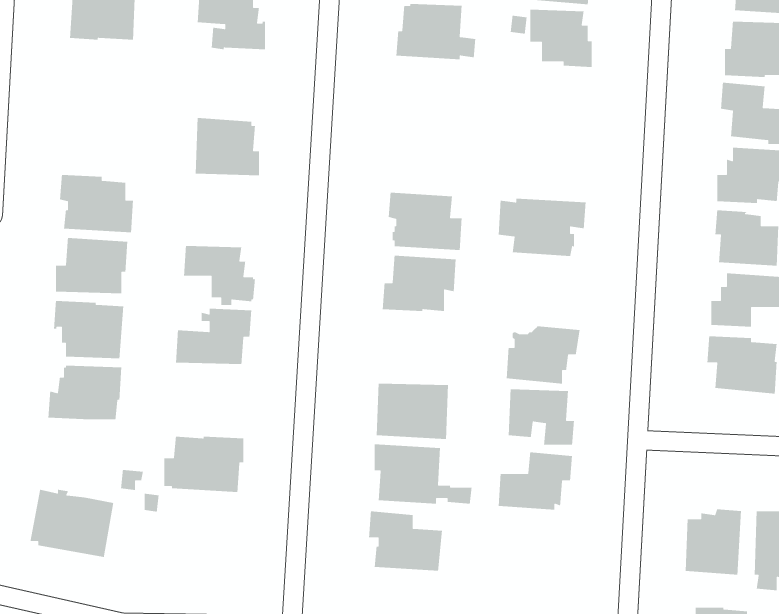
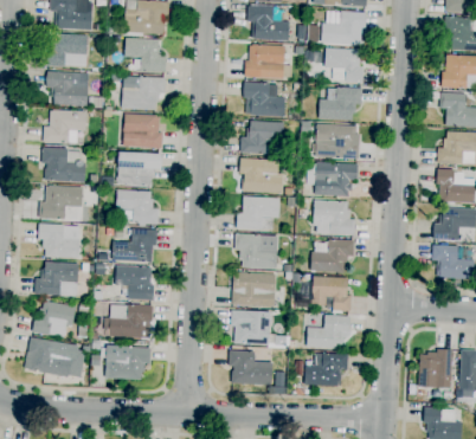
building: none -> [46,71,89,105]
building: none -> [121,76,166,111]
building: none -> [243,82,285,116]
building: none -> [319,86,362,120]
building: none -> [43,110,86,143]
building: none -> [239,120,284,154]
building: none -> [315,123,360,159]
building: none -> [117,151,162,186]
building: none -> [313,199,356,235]
building: none -> [234,233,278,269]
building: none -> [115,265,154,301]
building: none -> [32,297,90,336]
building: none -> [105,344,150,379]
building: none -> [304,353,348,386]

